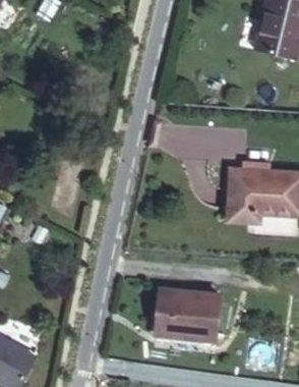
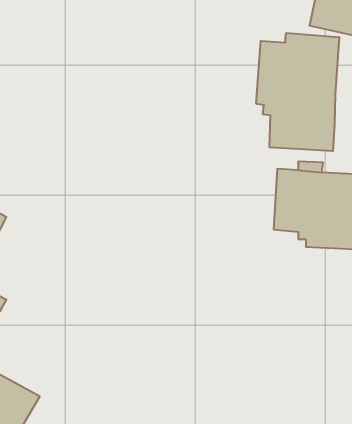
building: none -> [256,33,339,151]
building: [155,287,220,338] -> none

